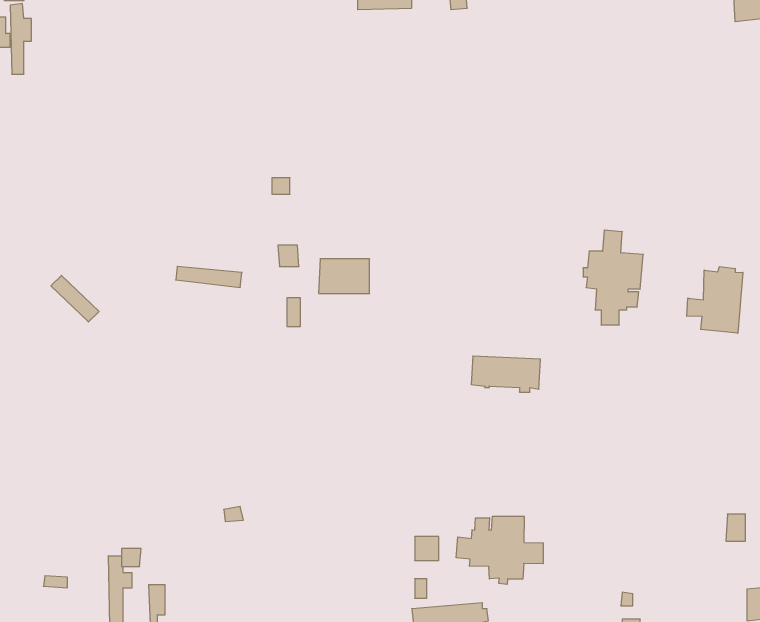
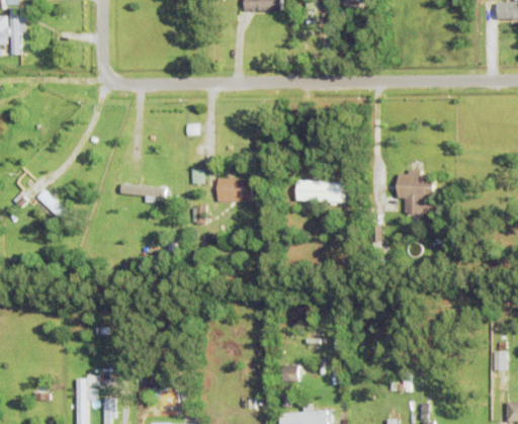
building: [687,267,743,333] -> none
building: [471,356,540,392] -> [297,180,344,204]
building: [456,516,543,584] -> none

